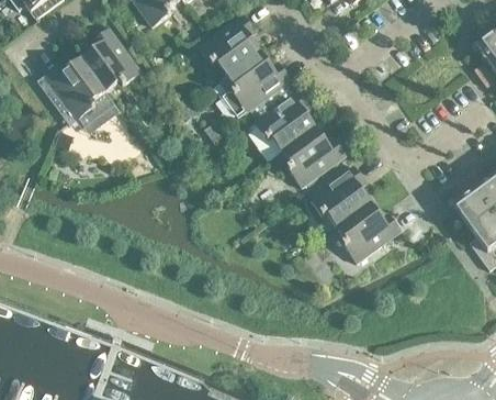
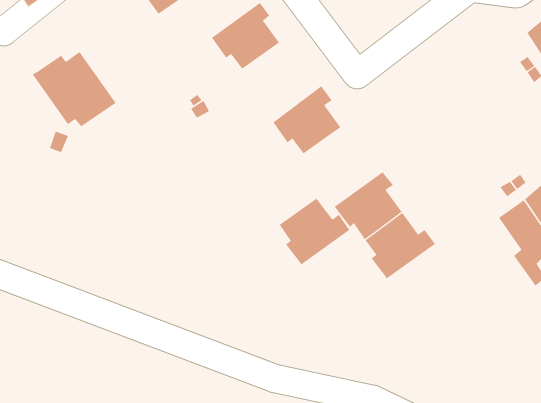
building: [81,27,140,91] -> none
building: [218,51,290,116] -> none
building: [281,126,345,187] -> [279,198,350,265]

